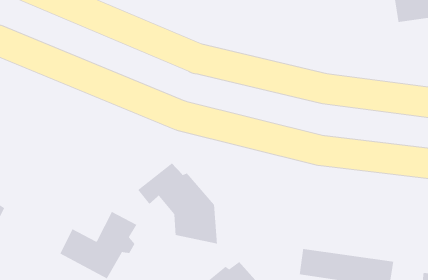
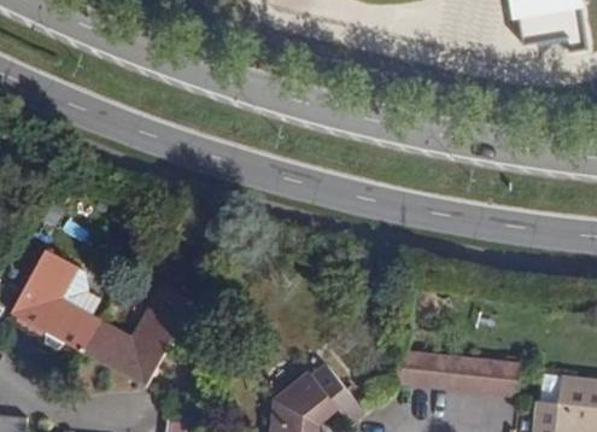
building: [137,163,218,244] -> none
building: none -> [18,245,100,354]

